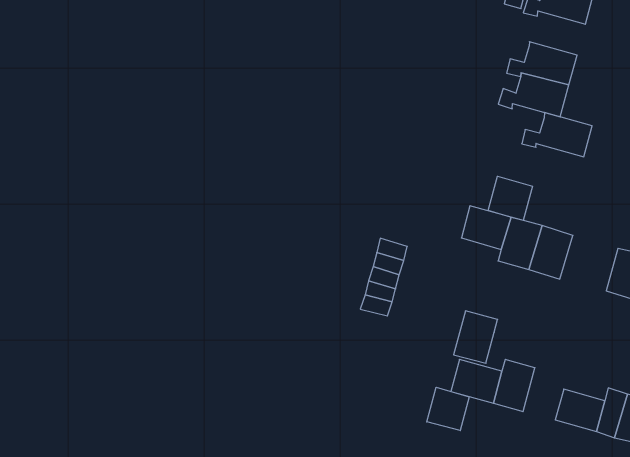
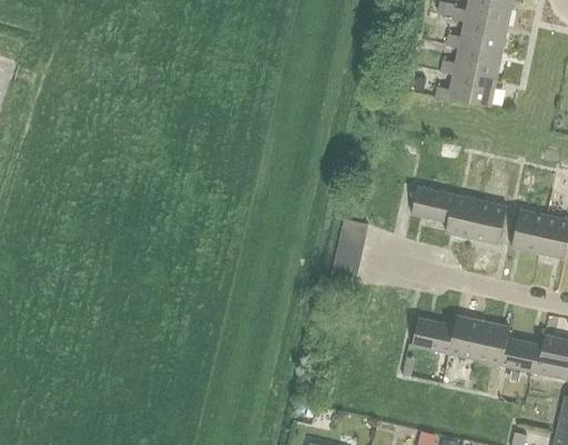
building: [522,112,592,157] -> [448,18,507,53]
building: [488,176,533,220] -> none
building: none -> [511,209,546,252]
building: [454,311,498,363] -> [474,321,509,364]
building: [427,387,469,431] -> none

